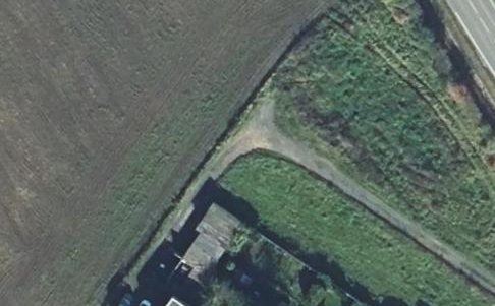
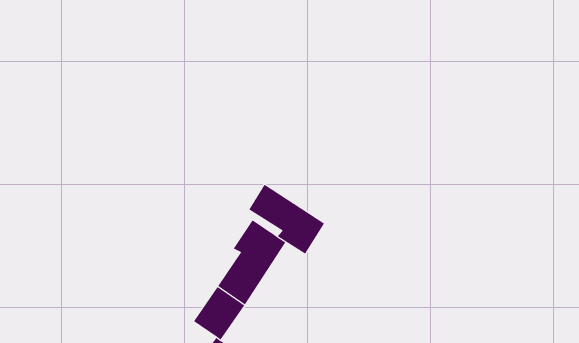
building: none -> [249,184,325,254]

